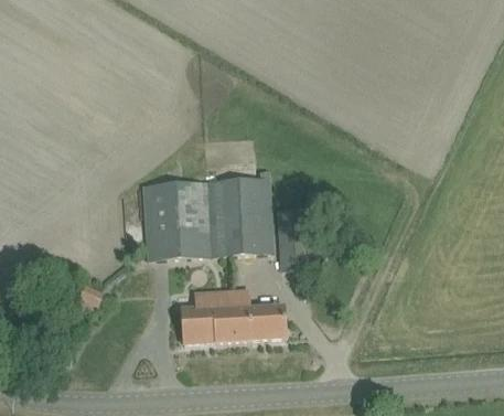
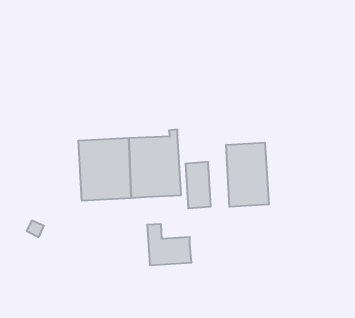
building: none -> [226,143,269,207]
building: [181,290,233,343] -> none

